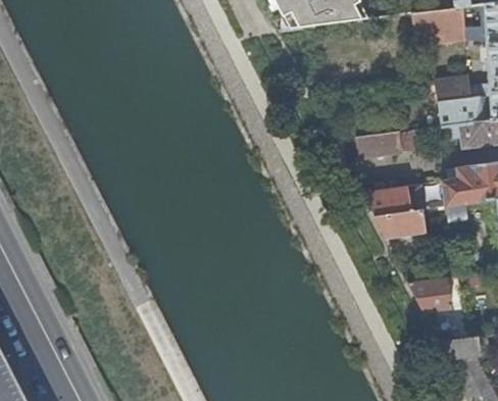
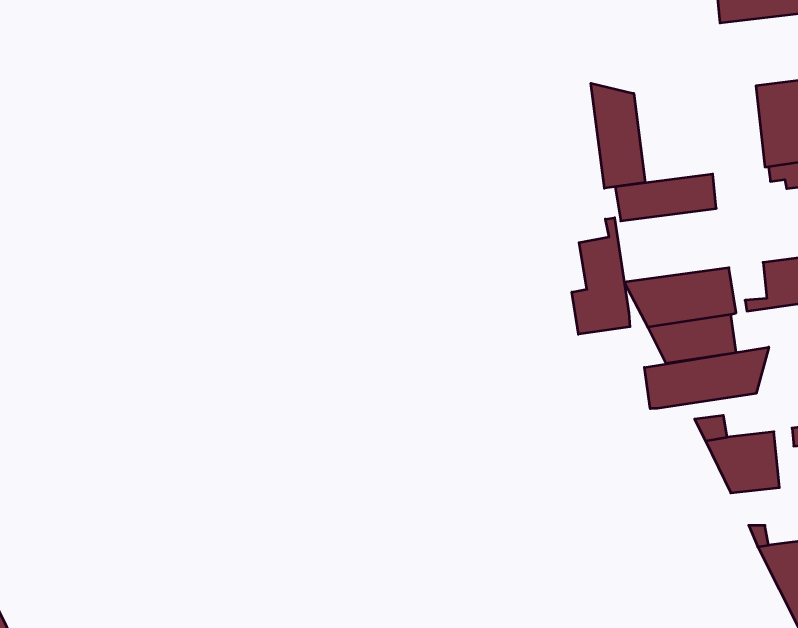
building: none -> [591,83,645,188]
building: none -> [572,218,630,334]
building: none -> [644,347,769,409]

